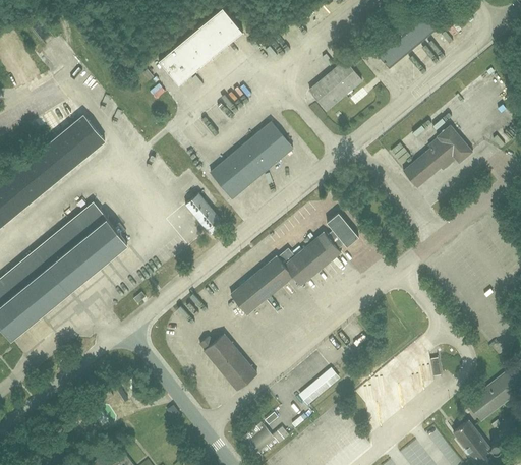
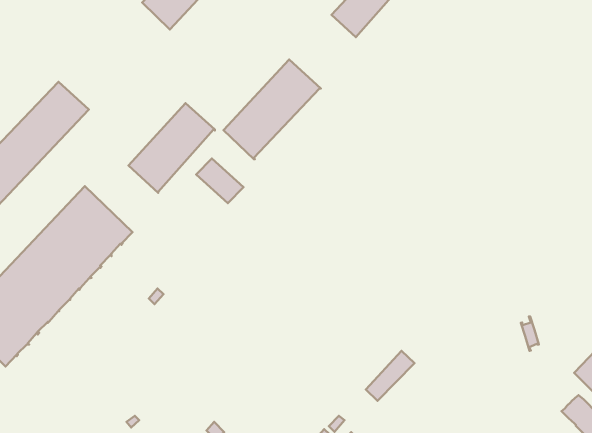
building: [403,125,472,188] -> none
building: none -> [129,103,215,193]
building: [230,214,358,315] -> none
building: [199,335,257,391] -> none

